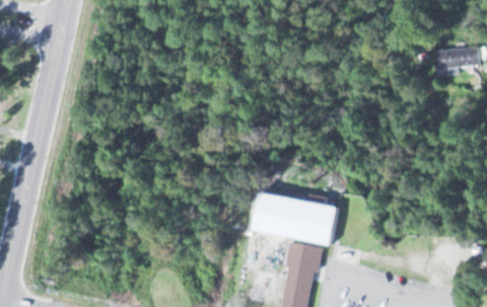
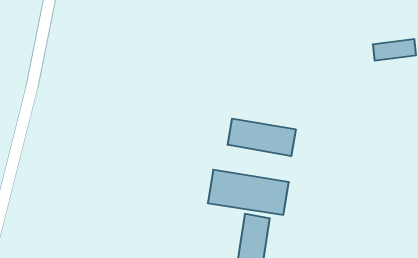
building: none -> [228,119,296,156]

